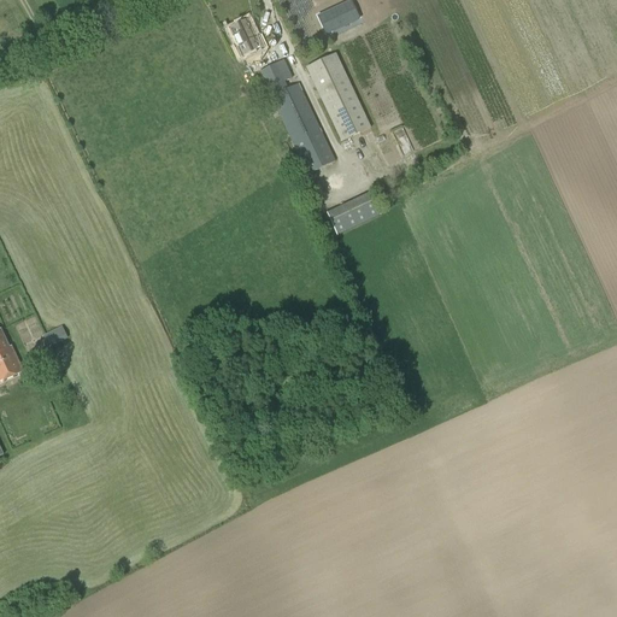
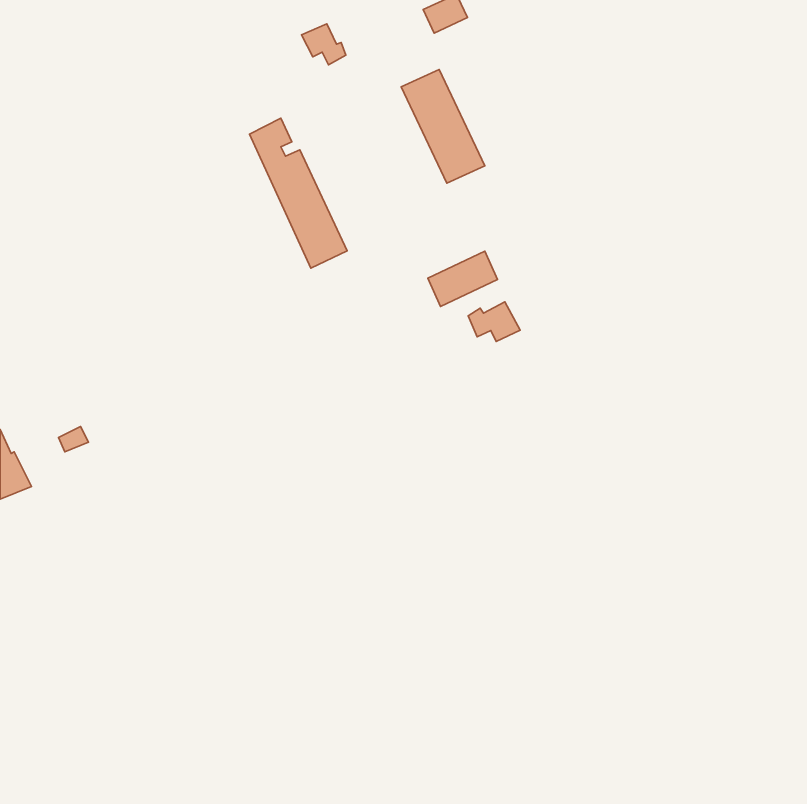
building: [262,58,336,172] -> [249,118,347,268]
building: none -> [468,302,520,342]

